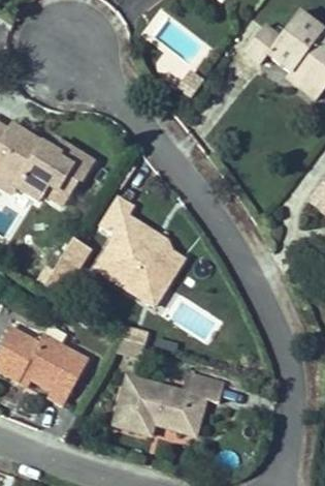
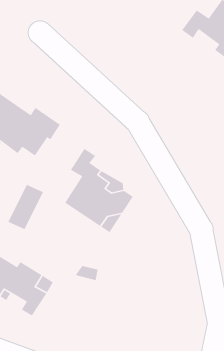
building: [108,377,221,441] -> none

